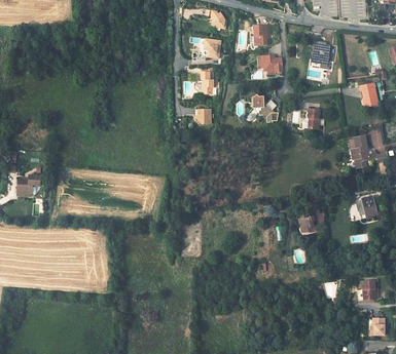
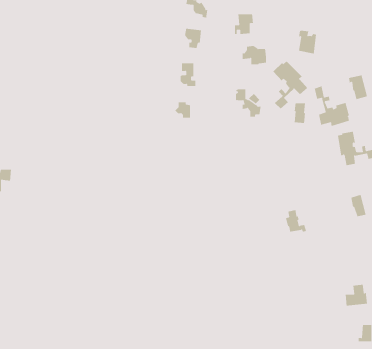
building: none -> [273,60,308,109]
building: none -> [314,86,350,127]

